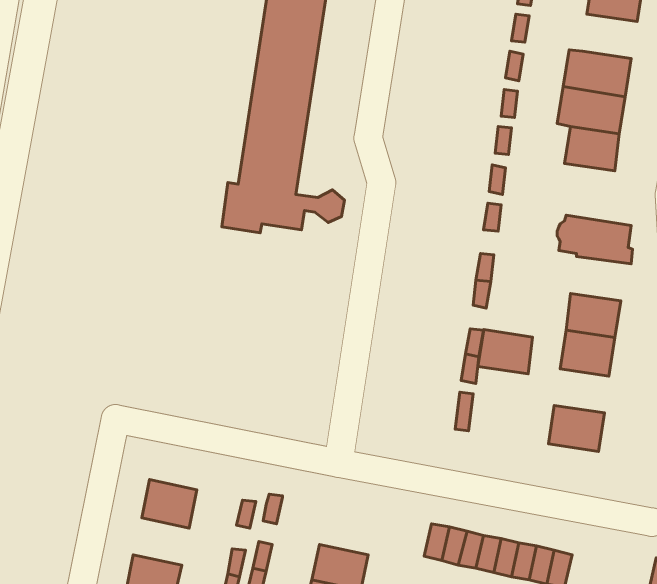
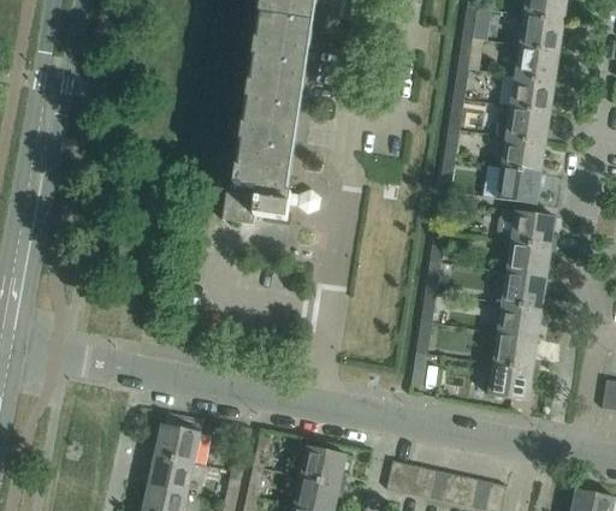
building: none -> [515,46,559,82]
building: none -> [496,167,541,204]
building: none -> [505,243,555,279]
building: [478,330,533,374] -> [492,334,537,370]
building: none -> [301,446,346,486]
building: none -> [149,456,195,494]

